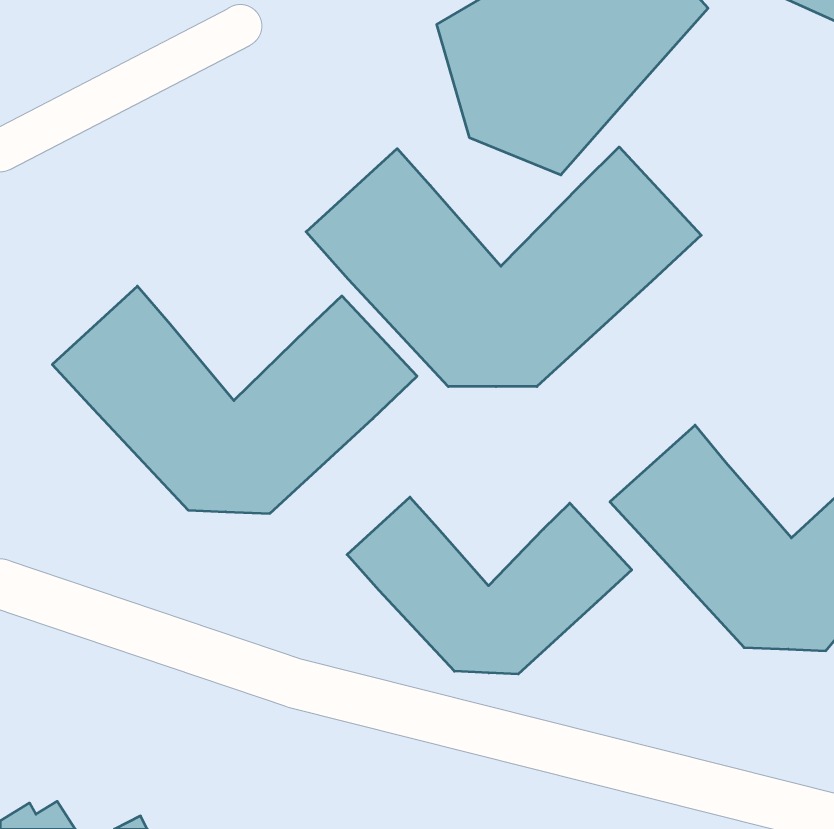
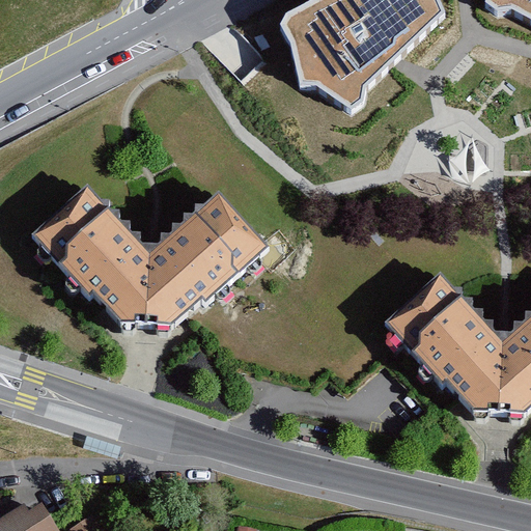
building: [306,147,701,387] -> none
building: [347,497,632,674] -> none

